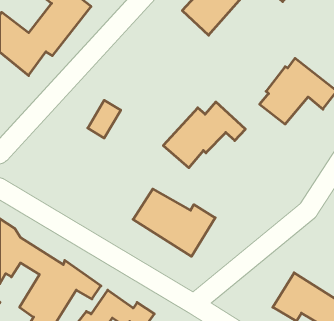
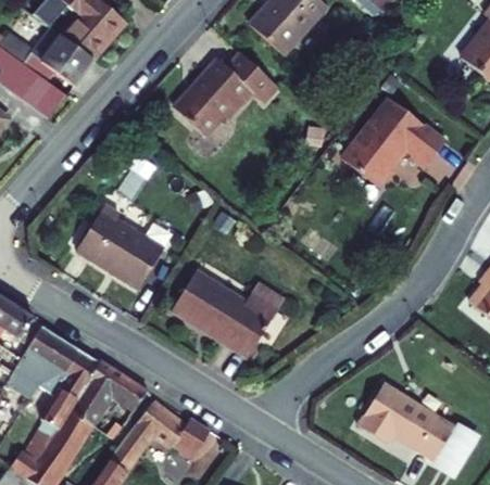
building: [163,102,245,168] -> [177,53,286,140]
building: none -> [79,202,168,290]

